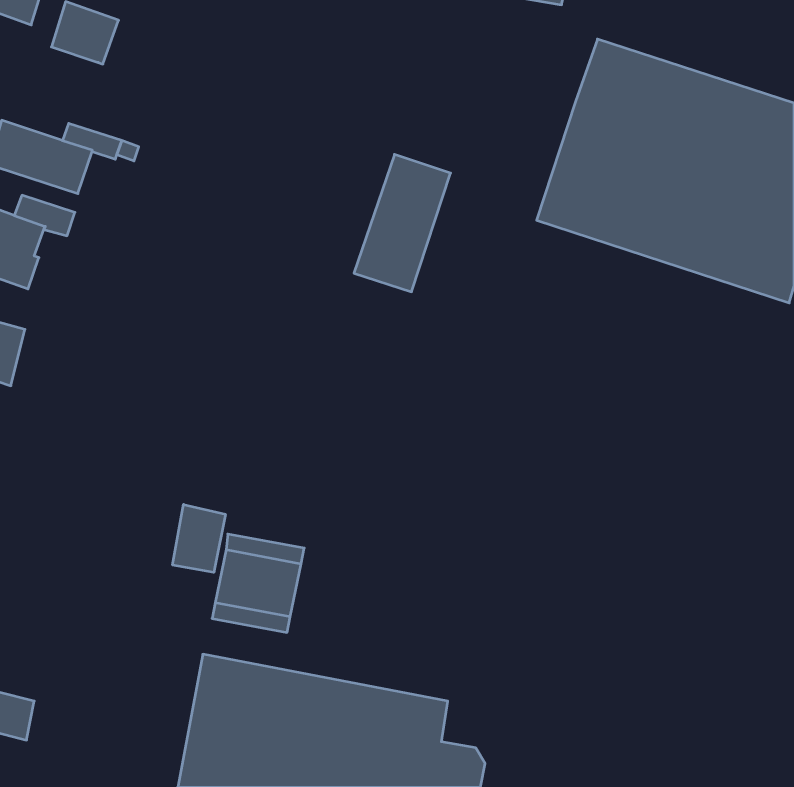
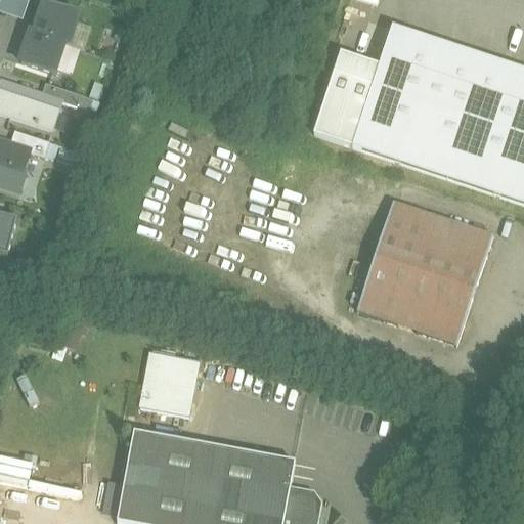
building: none -> [19,30,64,72]
building: [354,154,451,292] -> [314,54,378,144]
building: none -> [357,200,492,342]
building: [173,504,225,572] -> none

